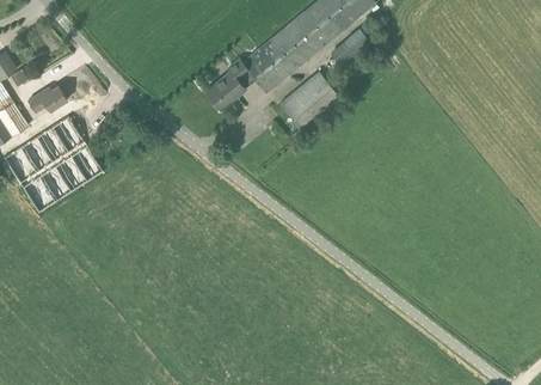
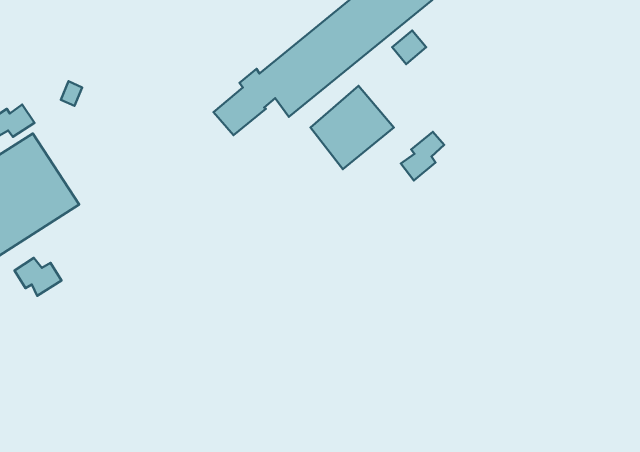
building: none -> [401,132,444,180]
building: none -> [14,258,62,296]

